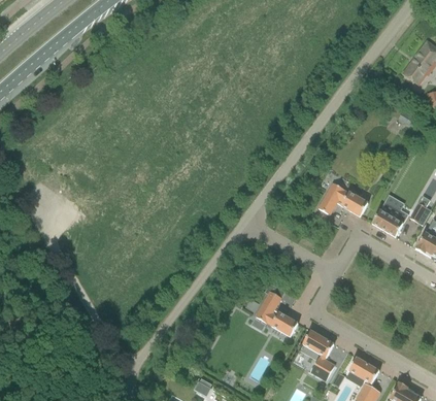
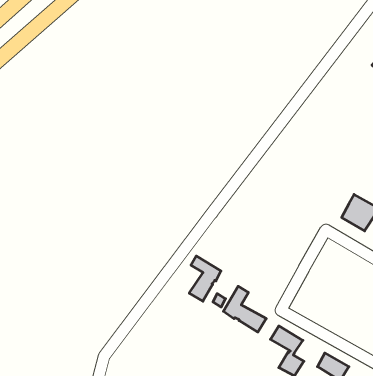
building: [318,182,368,216] -> none
building: none -> [189,256,221,301]

